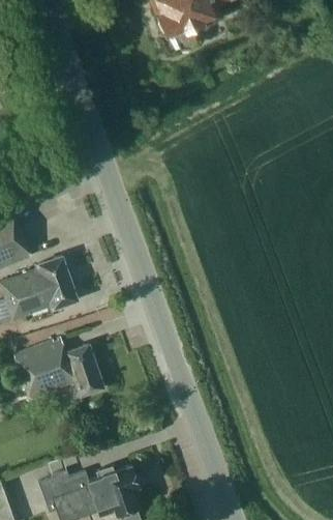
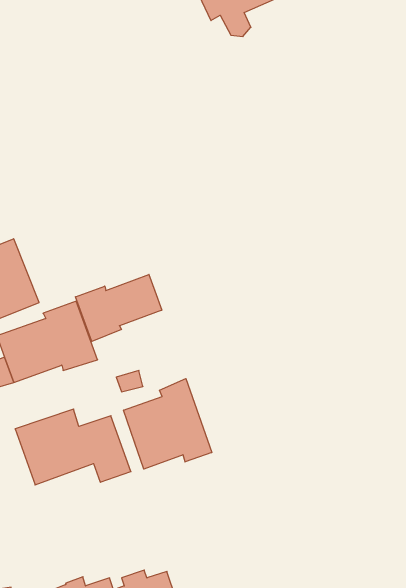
building: none -> [75,274,162,342]
building: none -> [124,379,212,469]

